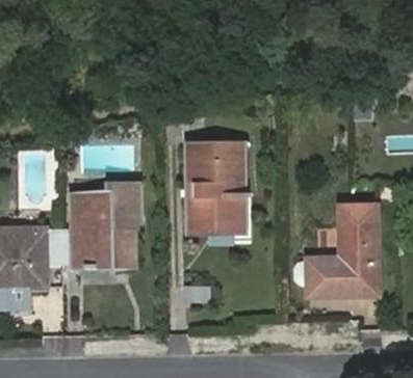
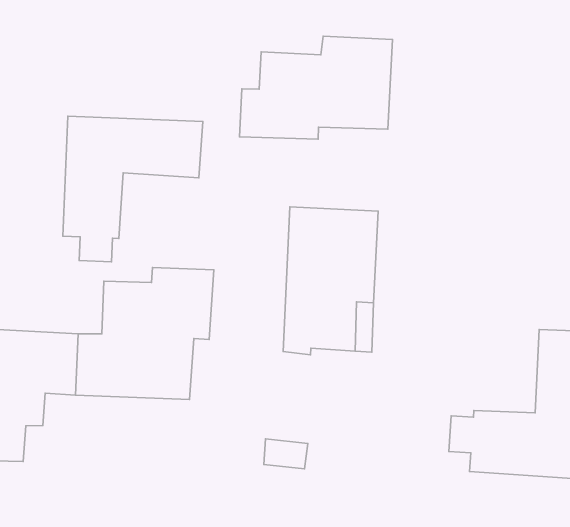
building: none -> [239,36,392,139]
building: none -> [63,116,203,262]

